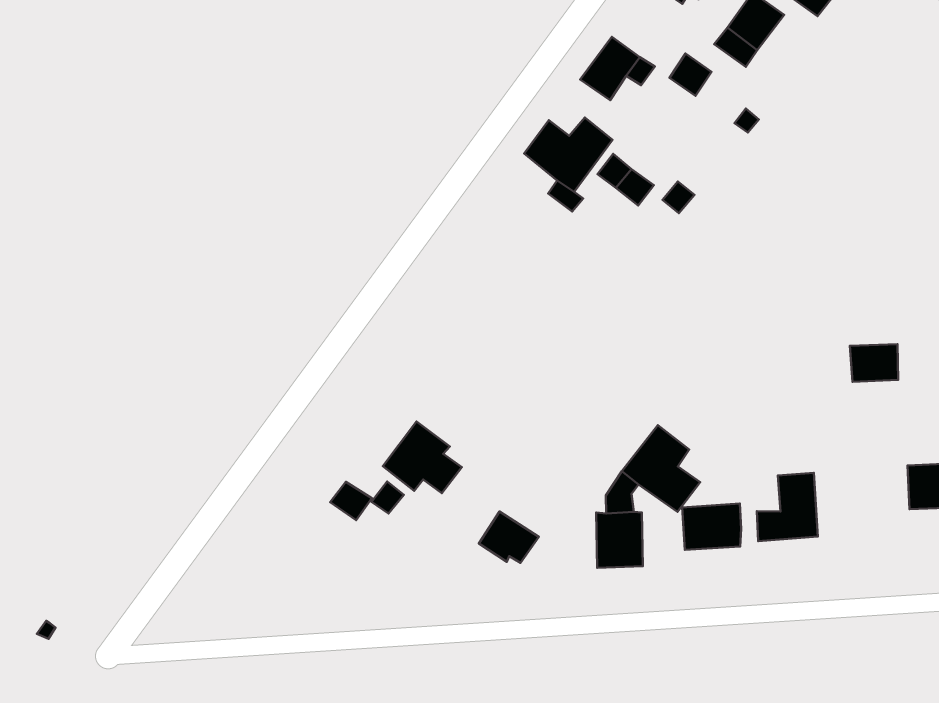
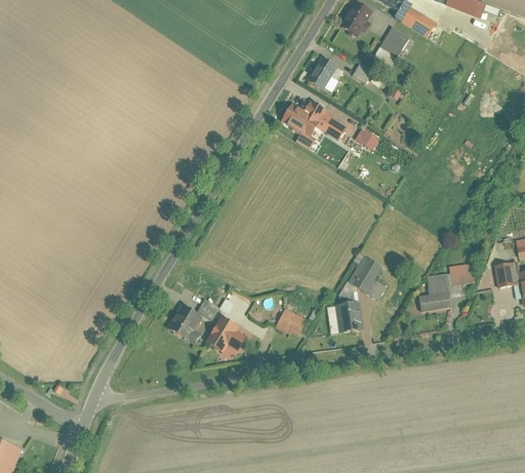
building: [850,344,898,382] -> [448,263,475,284]
building: [383,422,462,493] -> [205,316,246,352]
building: none -> [166,304,202,344]
building: [682,504,741,550] -> none

